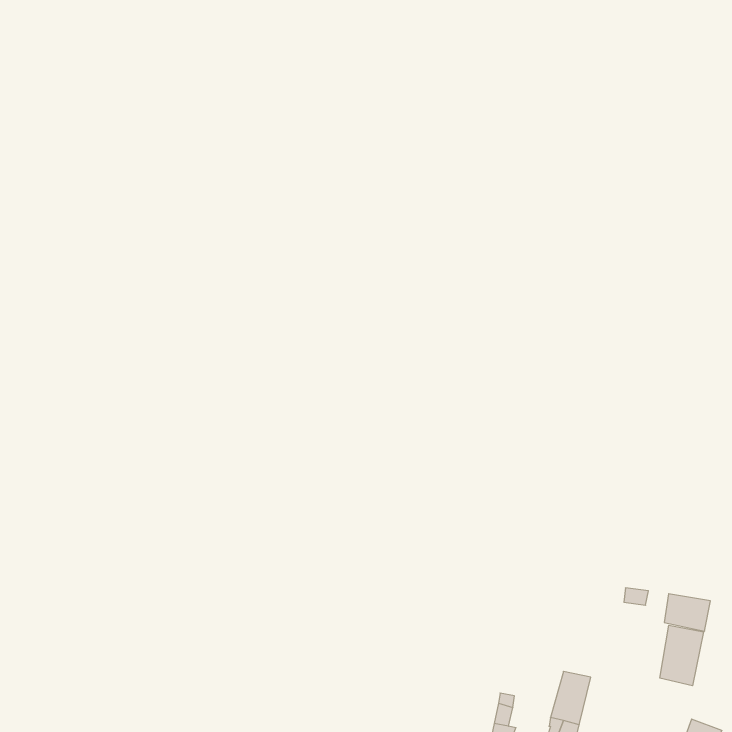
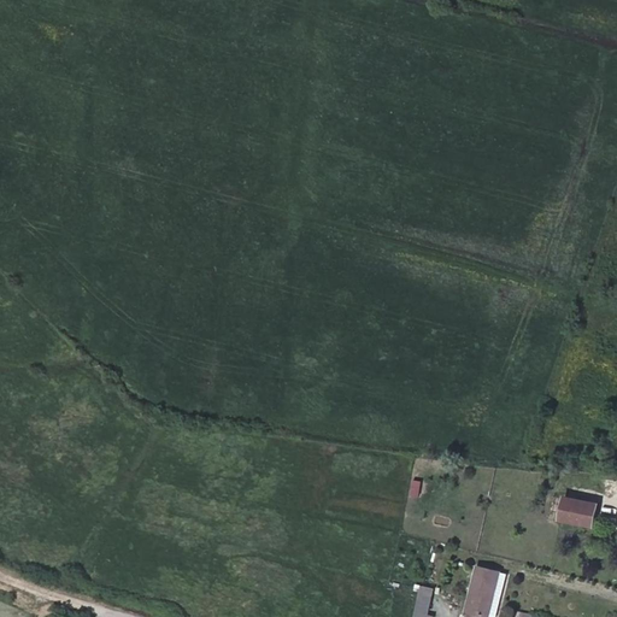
building: [660,625,704,686] -> none

